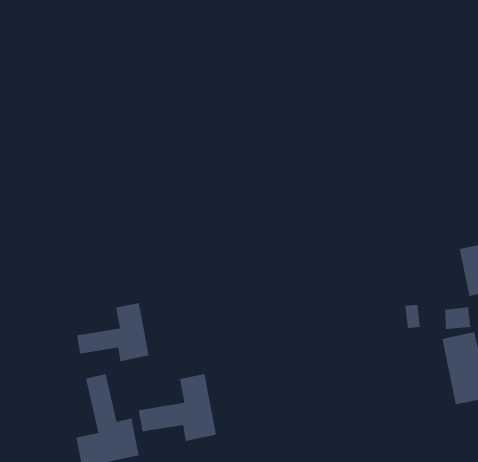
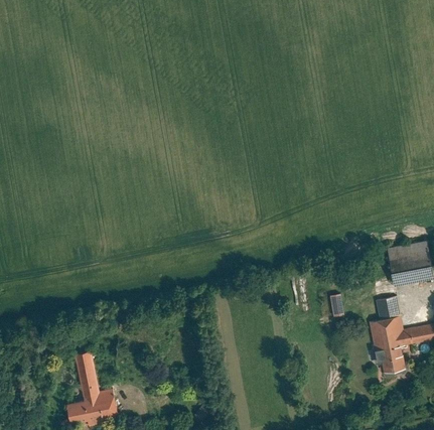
building: [76,302,150,362] -> none
building: [138,373,217,442] -> none

